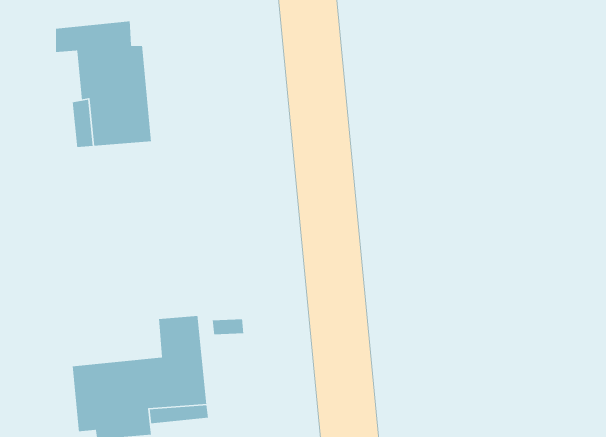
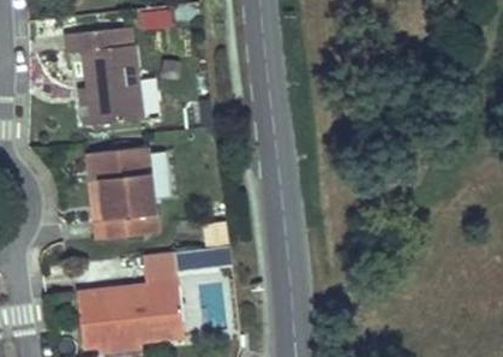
building: none -> [90,145,157,242]

